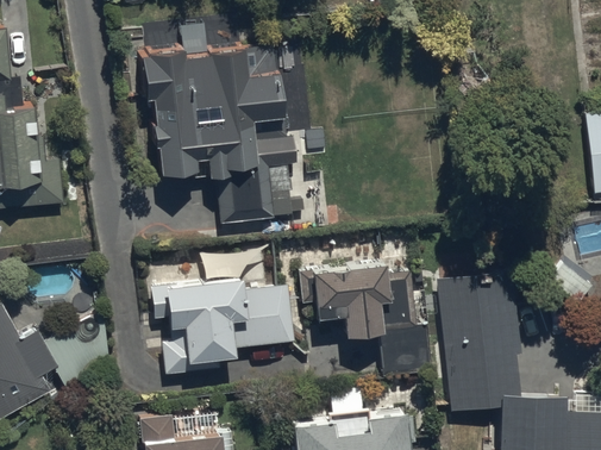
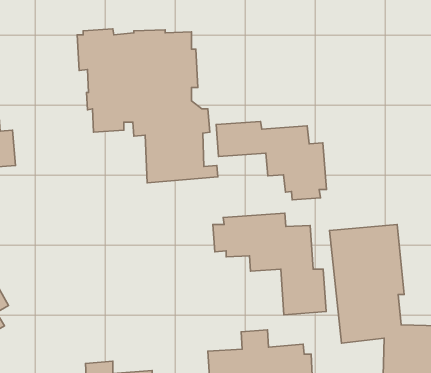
building: none -> [216,122,326,200]
building: [148,275,293,375] -> none

